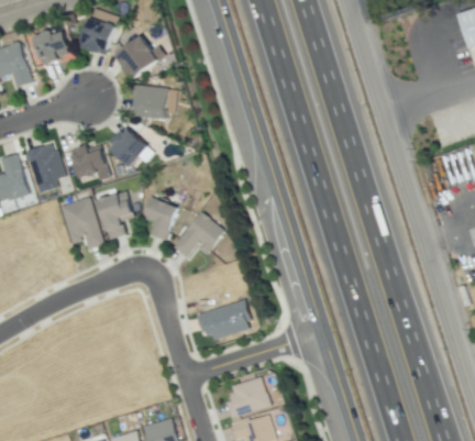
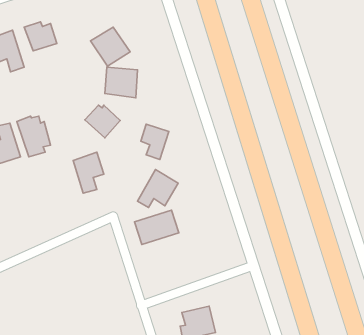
building: [81,16,120,57] -> none
building: [76,146,109,184] -> none
building: [58,195,100,246] -> none
building: [141,195,175,238] -> [141,124,169,159]
building: [197,298,251,340] -> [134,210,179,244]

